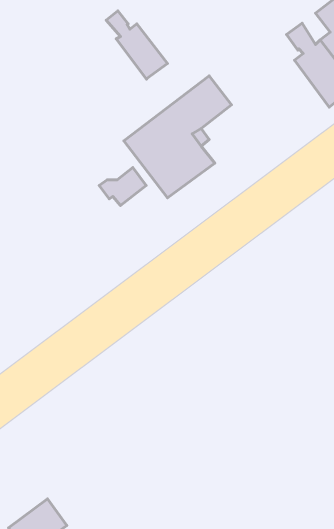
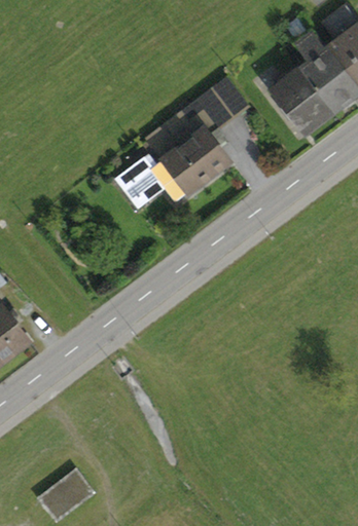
building: [106,11,168,79] -> none
building: none -> [274,66,335,130]

